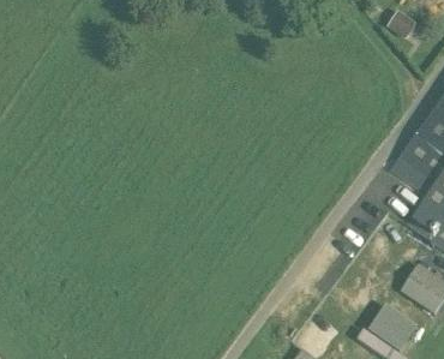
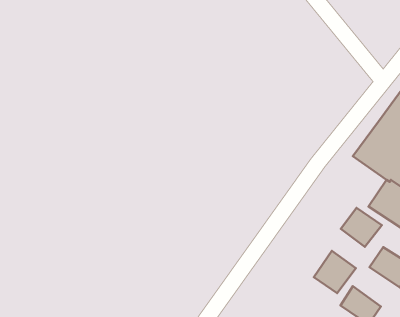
building: none -> [341,208,382,247]
building: none -> [314,251,356,293]

